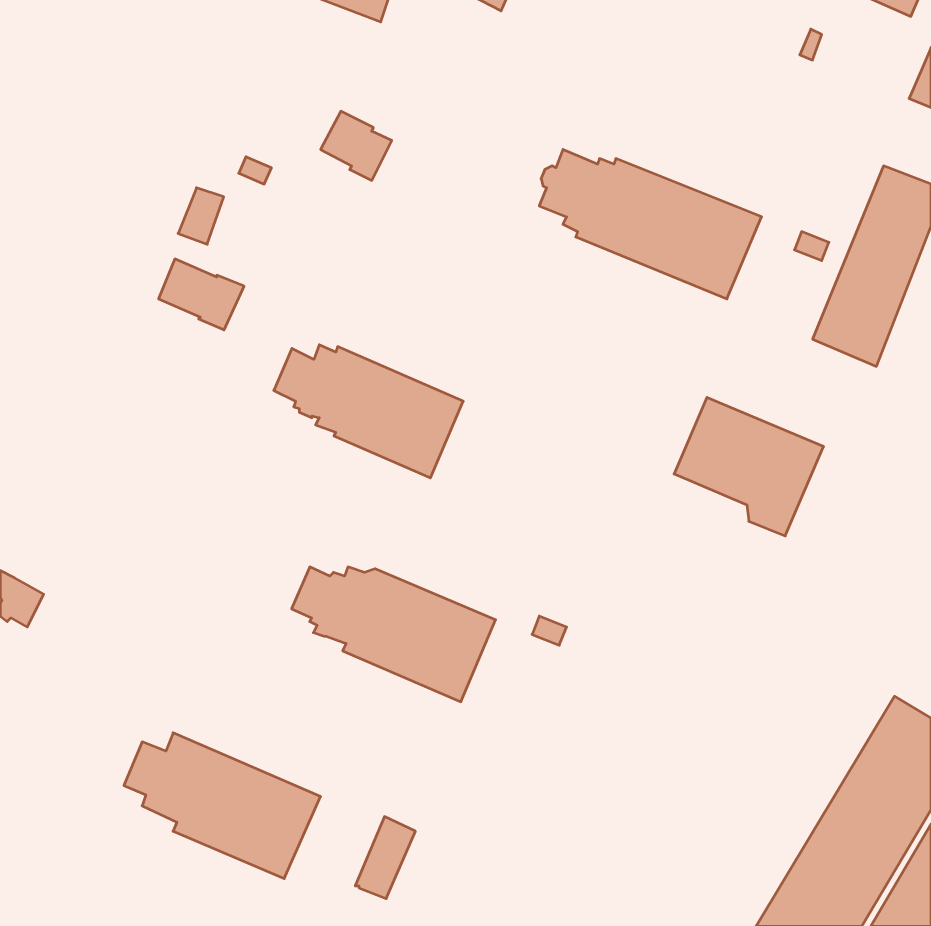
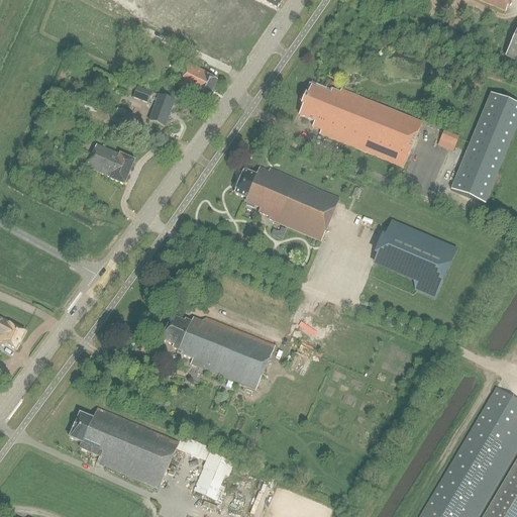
building: [178,188,224,244] -> [148,94,174,125]
building: [274,345,463,478] -> [234,166,339,239]

